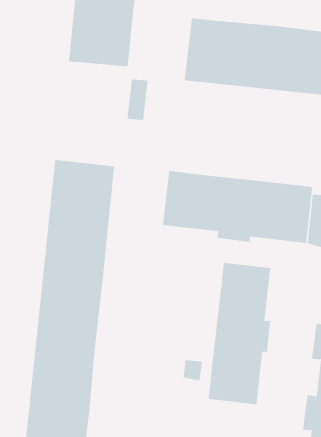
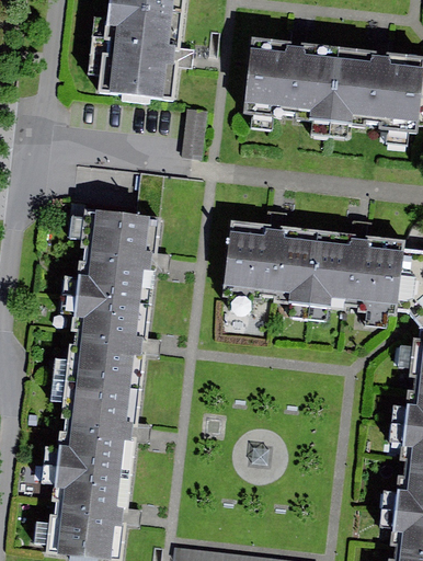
building: [208,262,271,405] -> none

